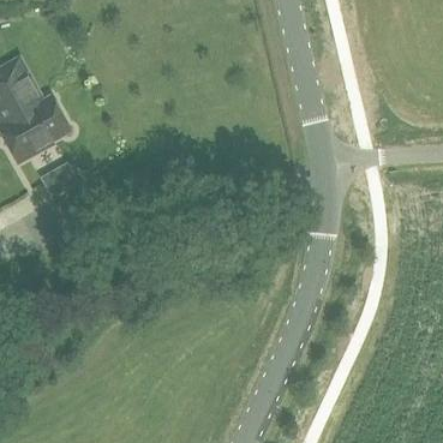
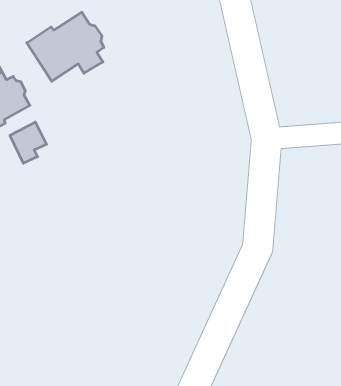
building: none -> [27,12,104,81]

